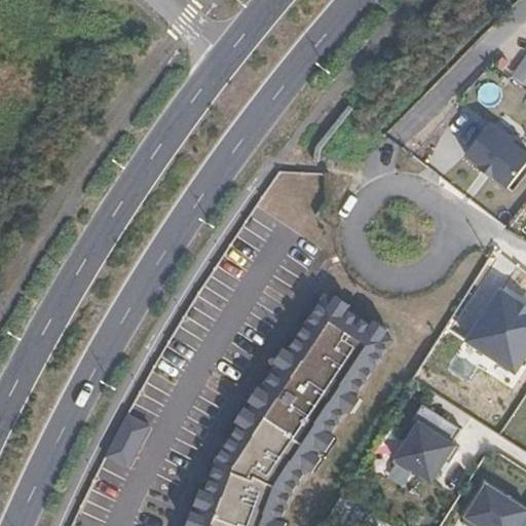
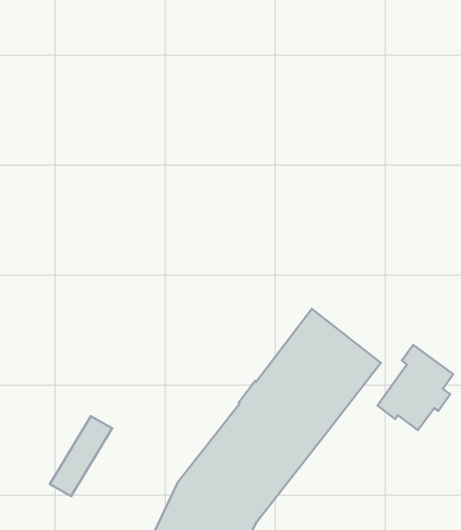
building: [391,403,458,481] -> [378,345,453,430]

